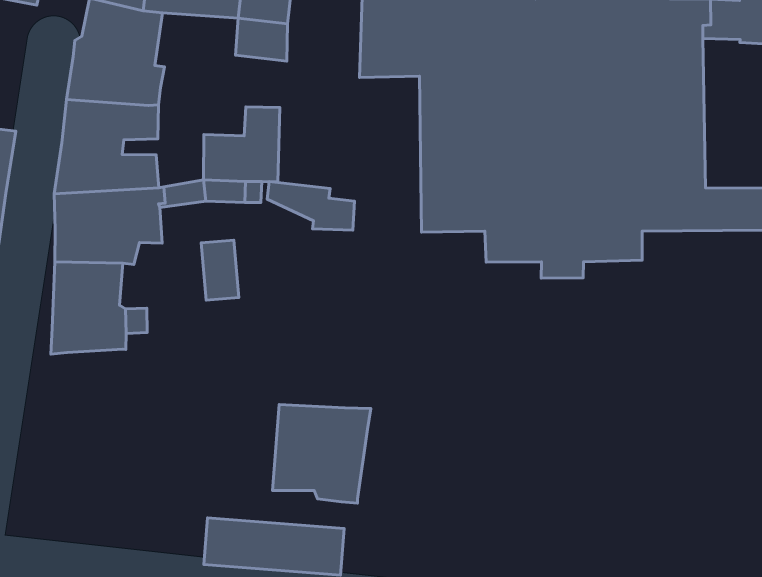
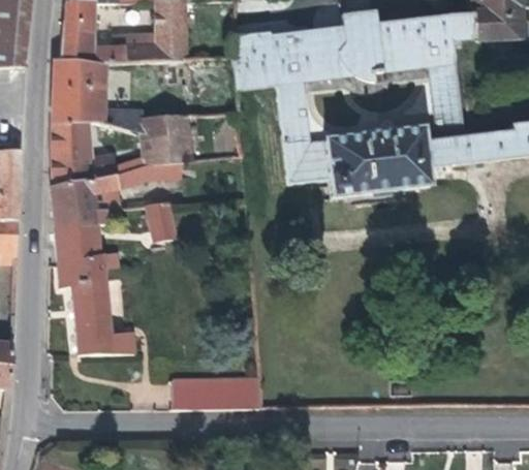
building: [267,182,355,230] -> [110,109,166,136]
building: none -> [69,279,134,353]
building: [272,404,371,503] -> none

